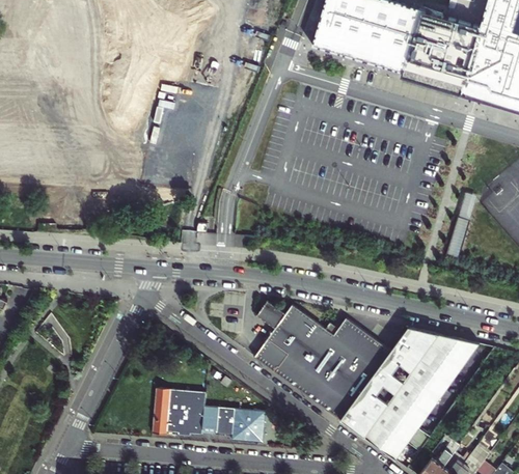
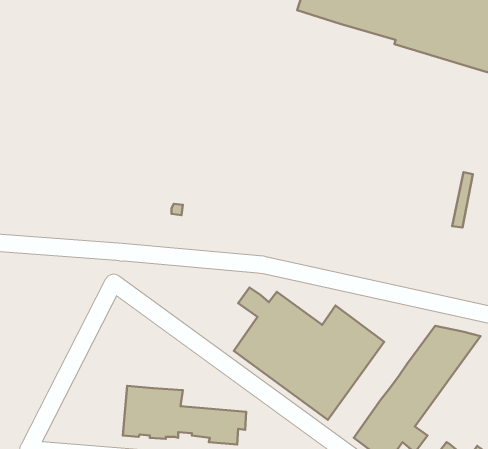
building: [340,327,439,437] -> none

